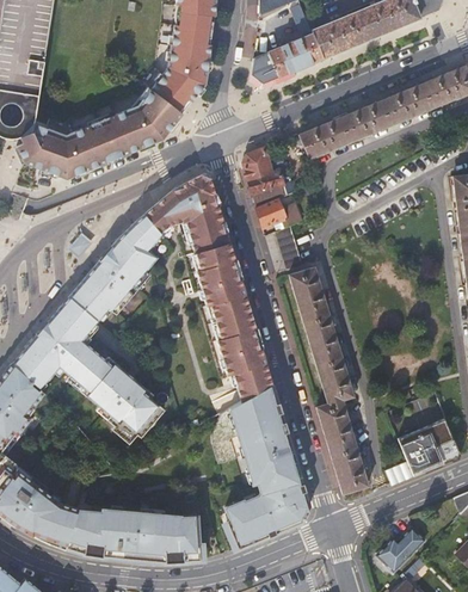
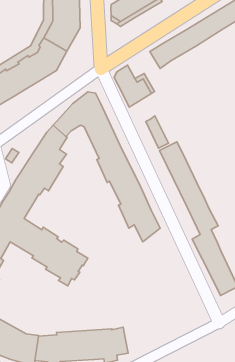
building: [255,197,301,228] -> none
building: [220,384,309,544] -> none

